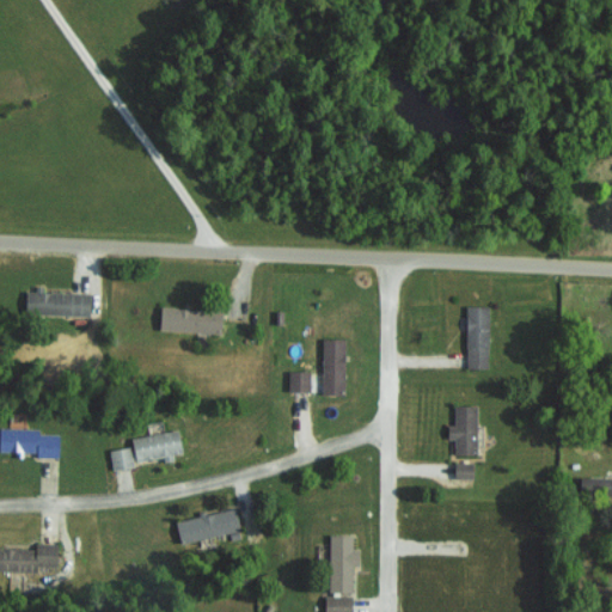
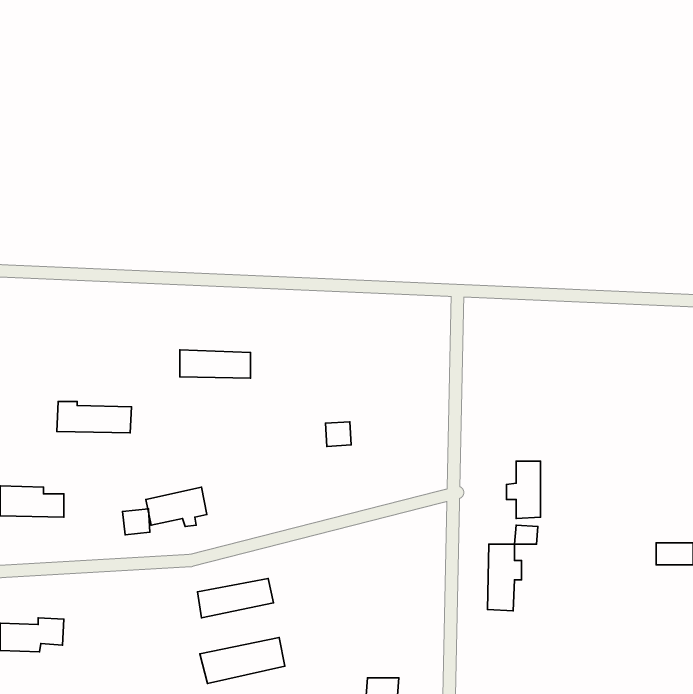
building: [25,289,91,317] -> [57,402,132,433]
building: [466,307,490,369] -> none
building: [323,339,345,394] -> none
building: [330,536,360,594] -> [487,544,521,611]
building: none -> [200,637,285,683]

